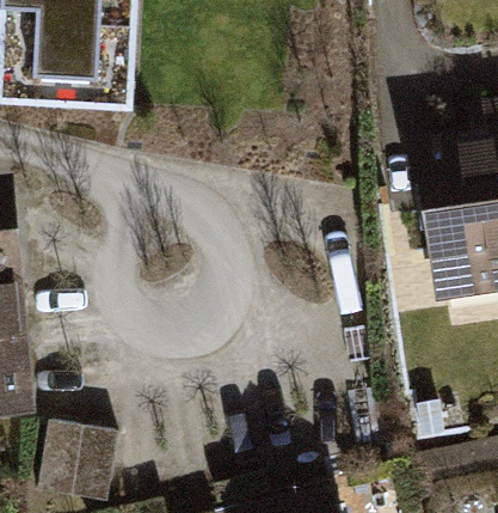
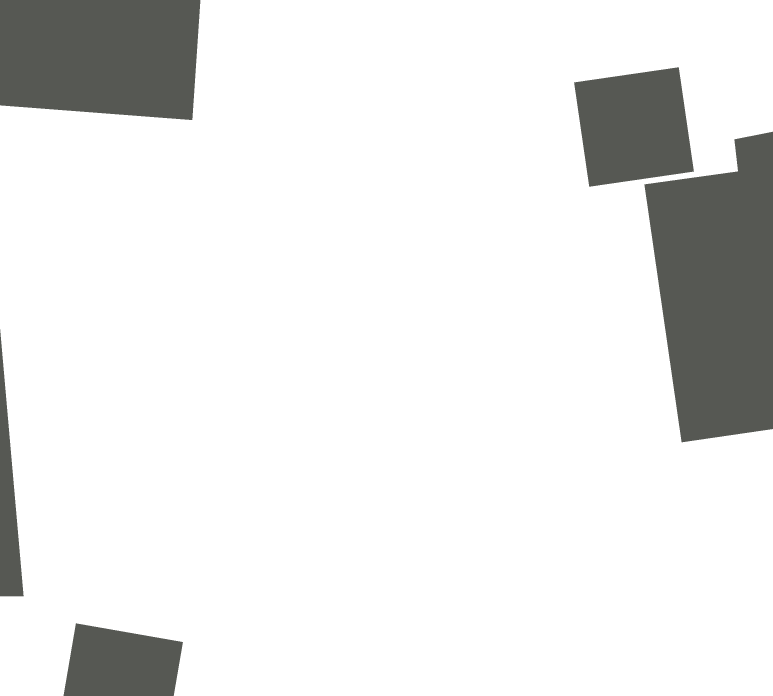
building: none -> [574,67,695,187]

